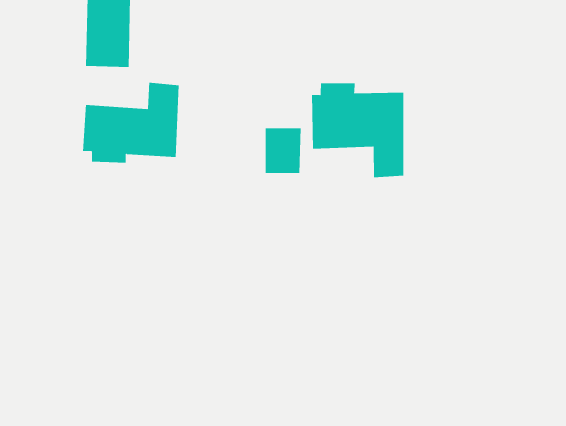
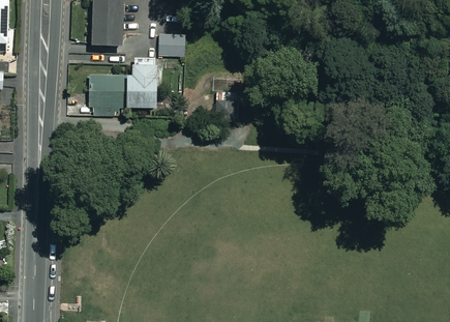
building: none -> [158,35,184,57]
building: [311,83,404,178] -> none

